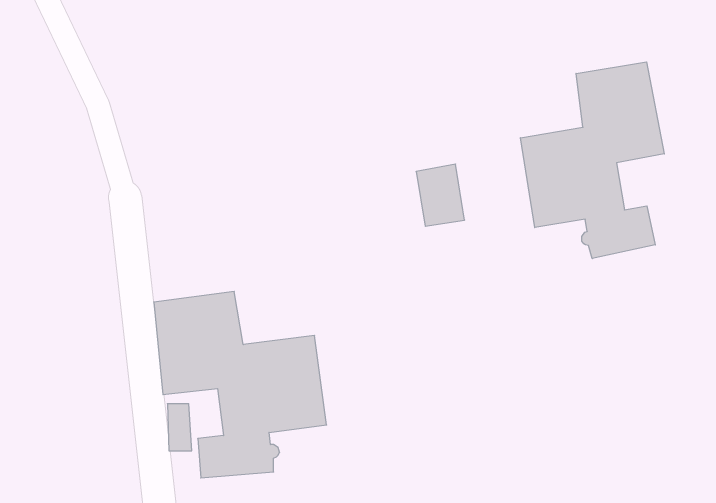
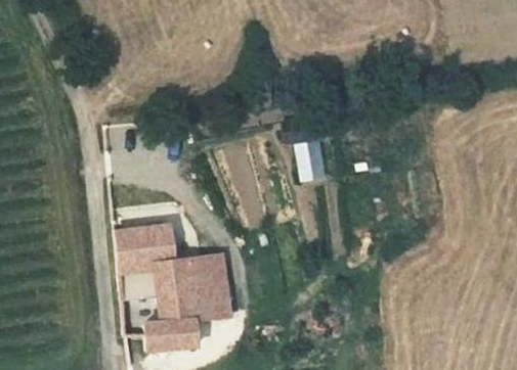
building: [520,62,664,259] -> none

